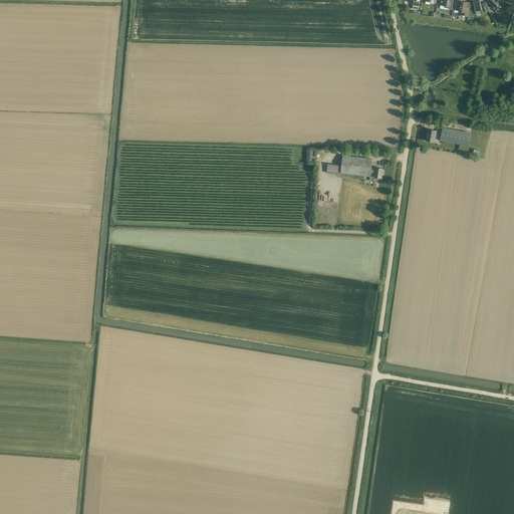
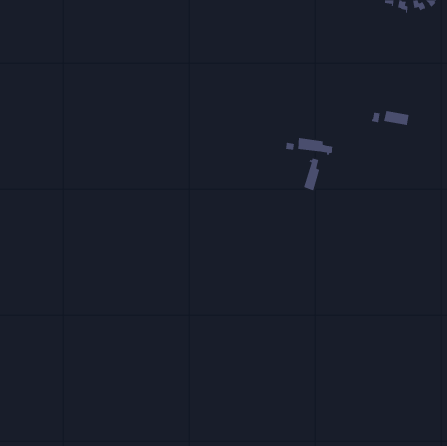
building: none -> [303,157,320,191]

